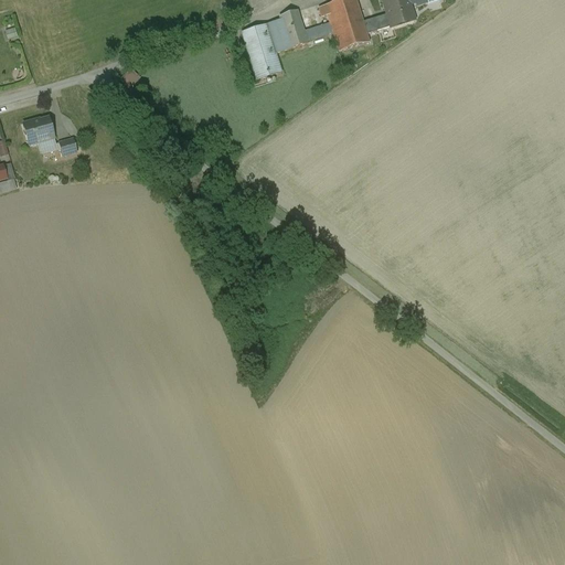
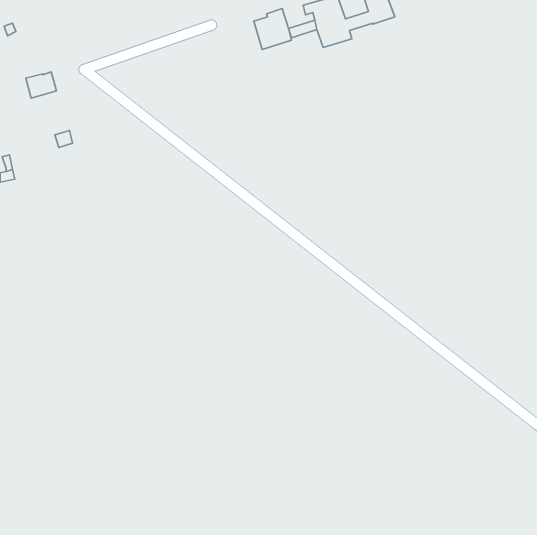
building: [242,22,281,78] -> none
building: [23,116,55,143] -> [26,72,56,98]

